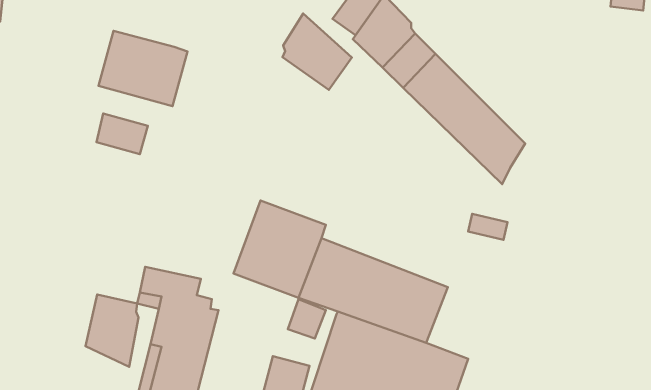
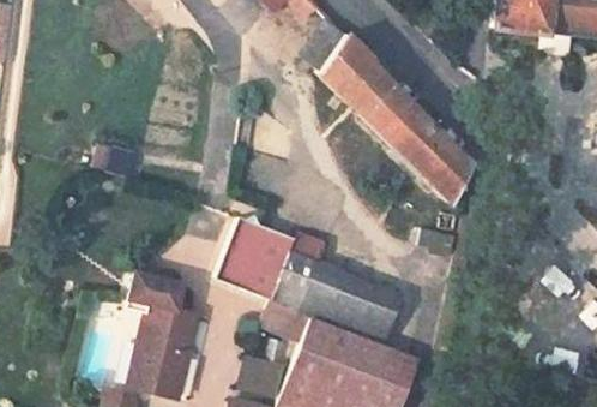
building: [282,13,352,90] -> none
building: [99,31,187,106] -> none
building: [86,295,138,367] -> none

